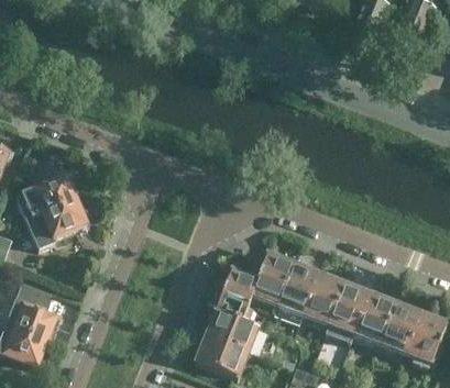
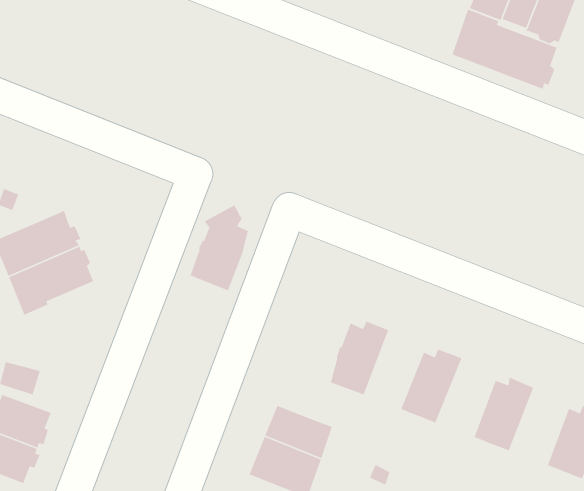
building: none -> [451,9,557,90]
building: [276,257,318,313] -> none
building: [215,259,256,321] -> [190,204,249,291]
building: [327,277,369,333] -> none
building: [378,298,420,353] -> none

